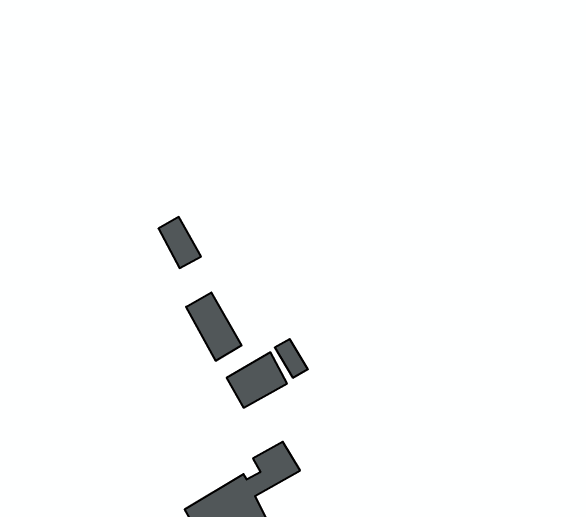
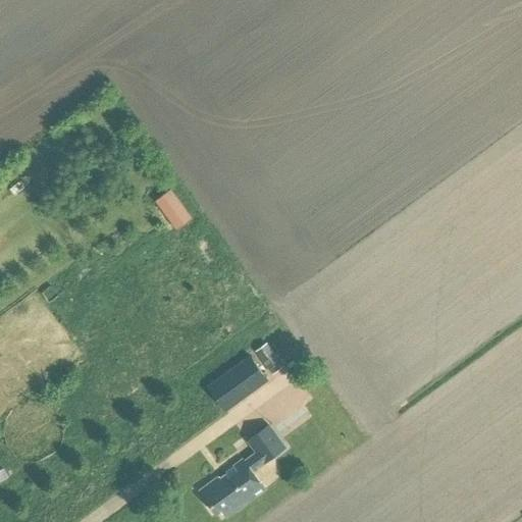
building: [158,217,201,268] -> [154,191,191,231]
building: [186,292,242,361] -> none

